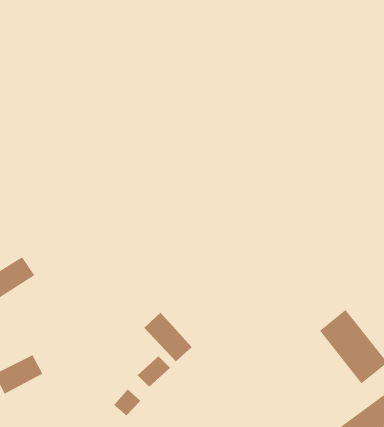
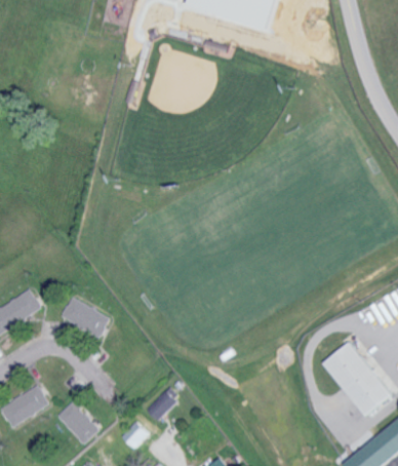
building: none -> [61,299,109,335]
building: [144,312,192,362] -> none
building: none -> [56,401,97,444]

